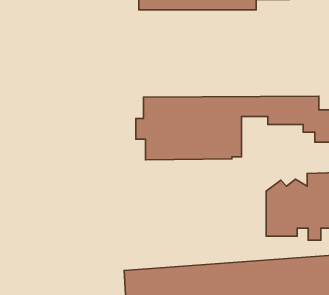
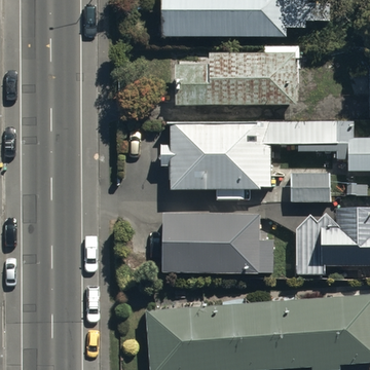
building: none -> [175,44,299,104]
building: none -> [290,171,332,210]
building: none -> [162,212,274,272]

